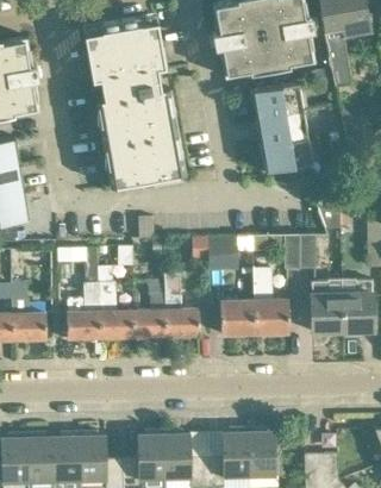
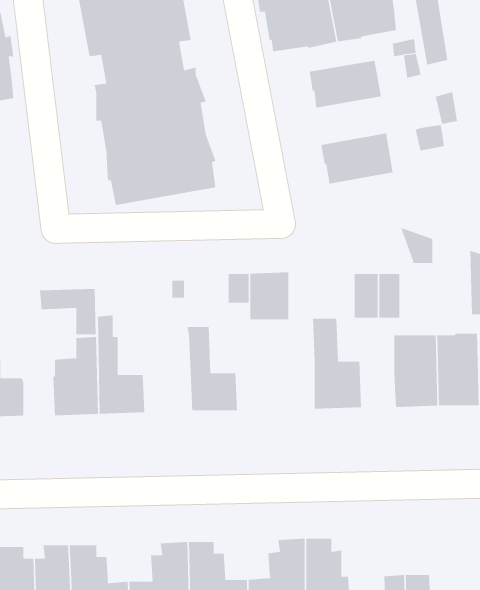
building: [255,110,306,144] -> none
building: [131,281,165,337] -> none
building: [219,300,254,334] -> none

